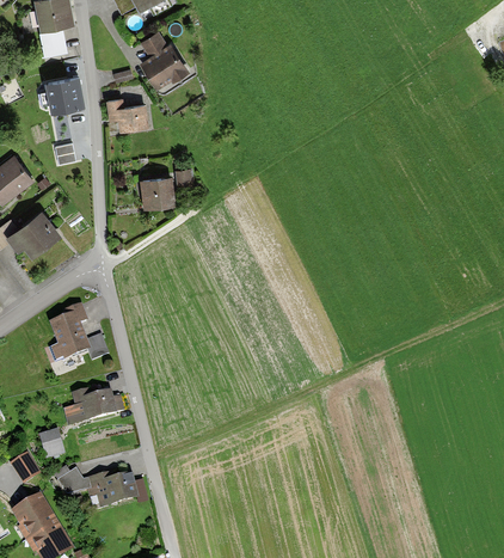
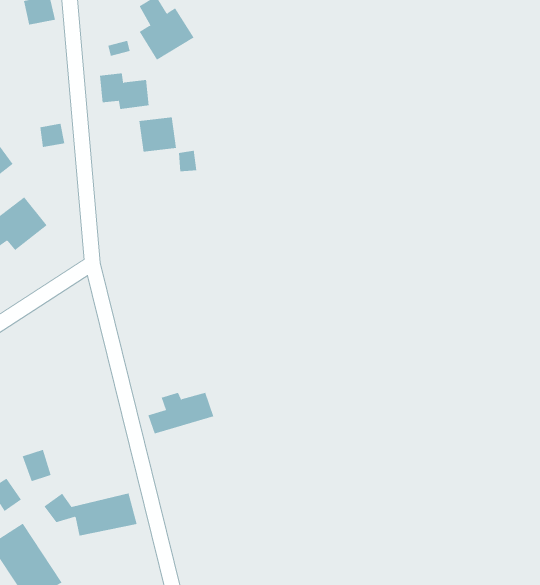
building: [45,78,84,112] -> none
building: [141,176,174,207] -> [139,117,177,152]
building: [50,306,107,362] -> none
building: [61,390,119,427] -> [147,392,214,434]

